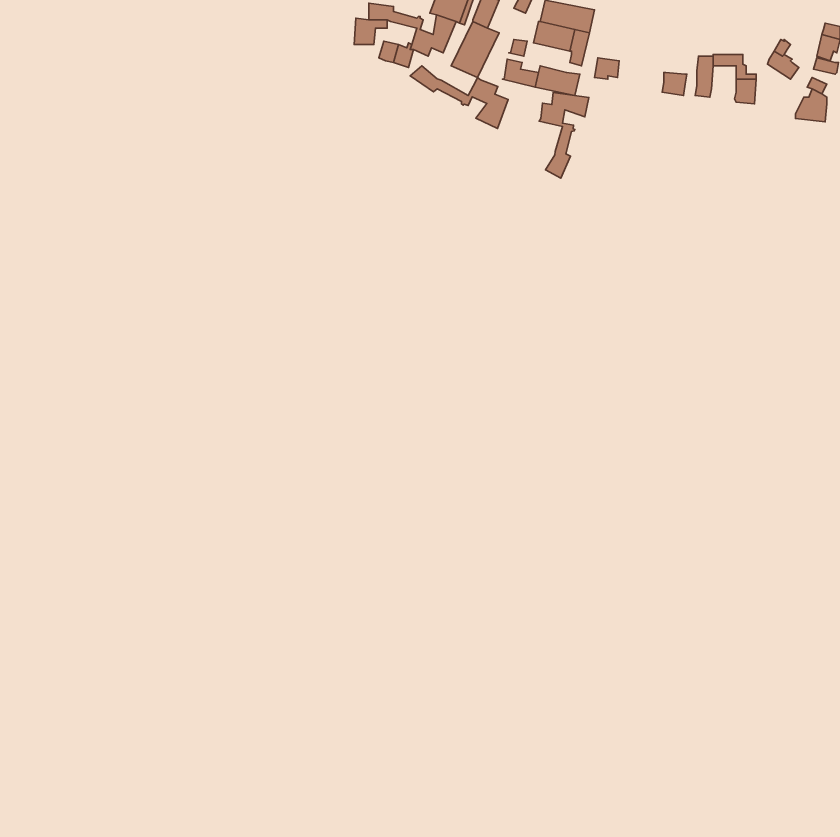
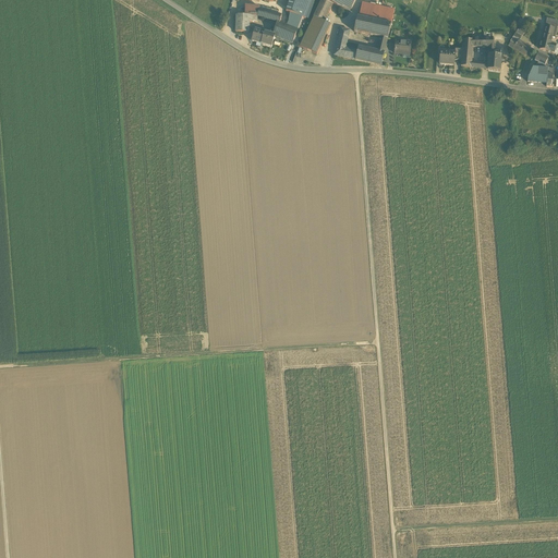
building: [410,66,508,128] -> none
building: [539,93,589,178] -> none

